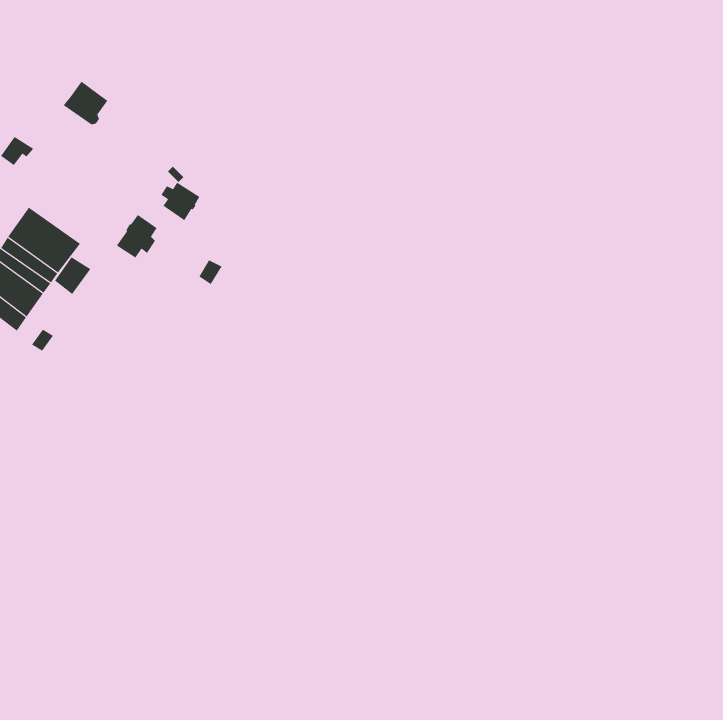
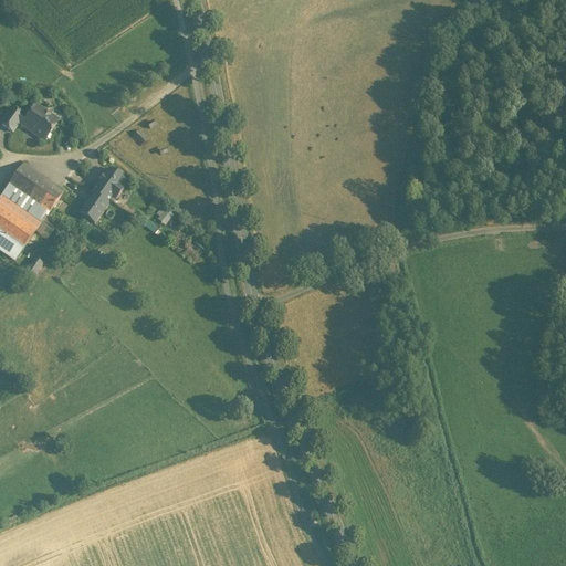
building: [63,81,108,125] -> [21,104,56,138]
building: [160,182,200,221] -> none
building: [54,256,91,295] -> [78,192,107,222]

